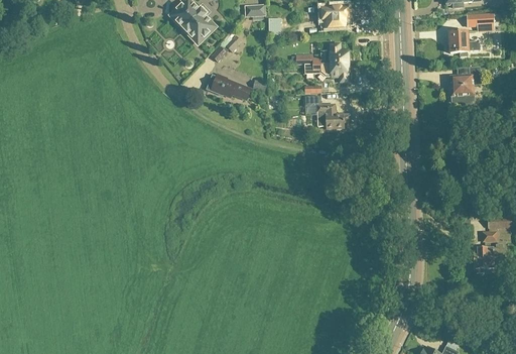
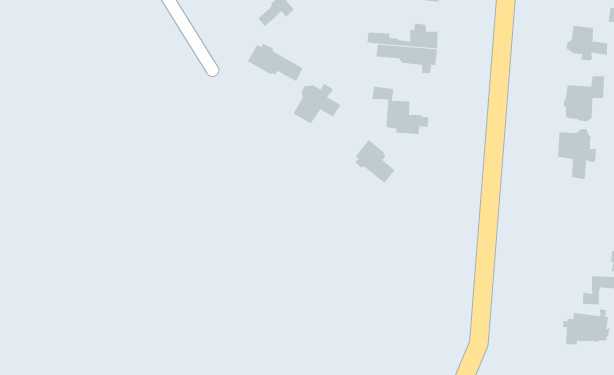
building: none -> [293,83,341,124]
building: none -> [557,128,596,180]
building: none -> [355,139,396,184]

